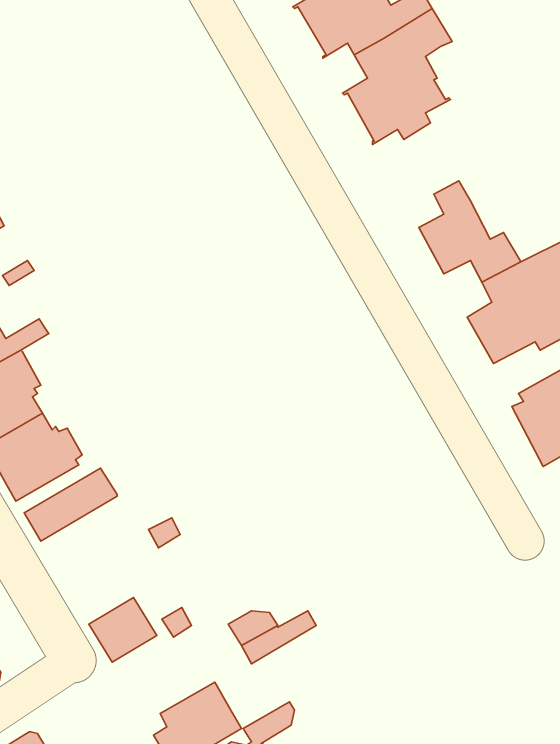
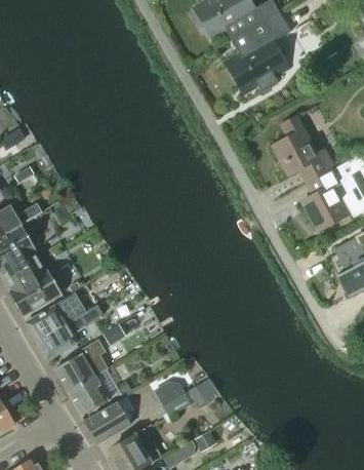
building: none -> [38,304,103,357]
building: none -> [54,340,107,391]
building: none -> [84,401,130,442]

